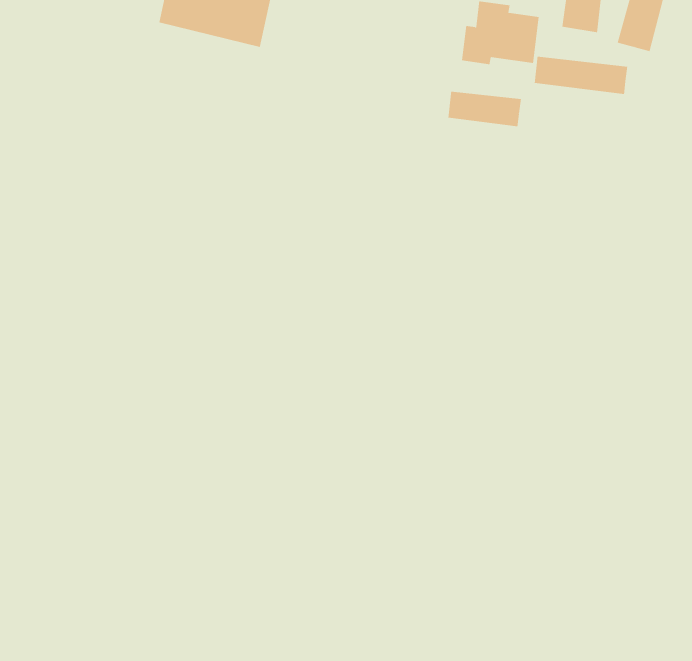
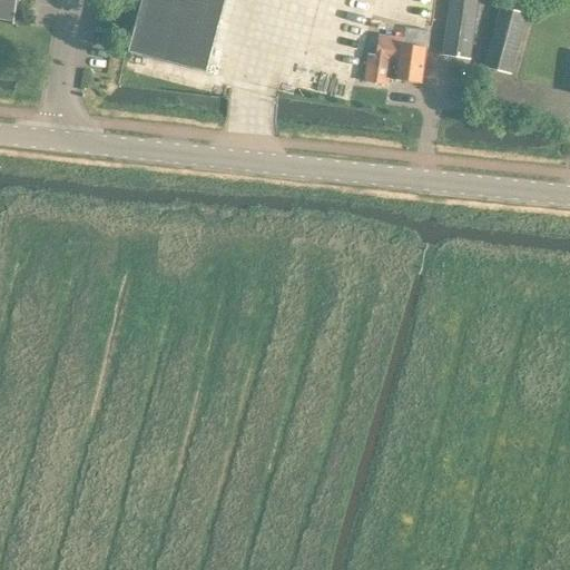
building: [534,56,628,95] -> none
building: [448,91,521,127] -> none

